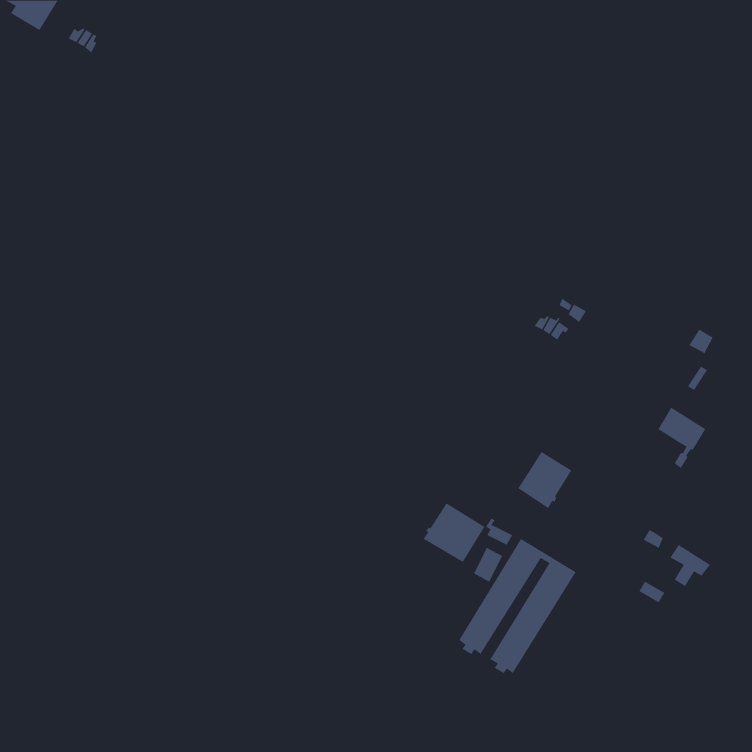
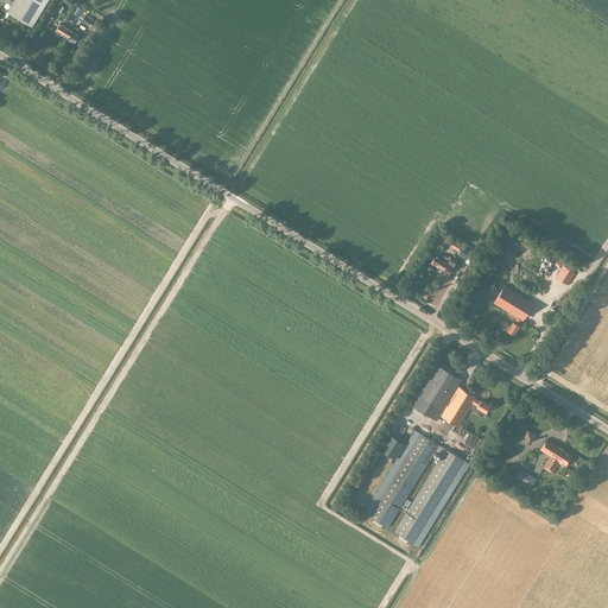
building: [658,407,706,469] -> [495,286,534,336]
building: none -> [442,387,490,426]
building: [423,502,485,563] -> none

